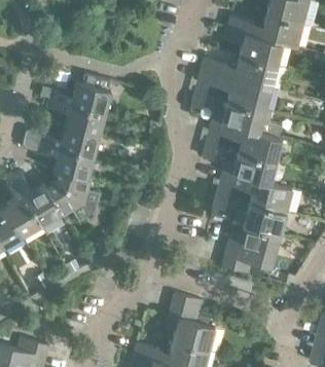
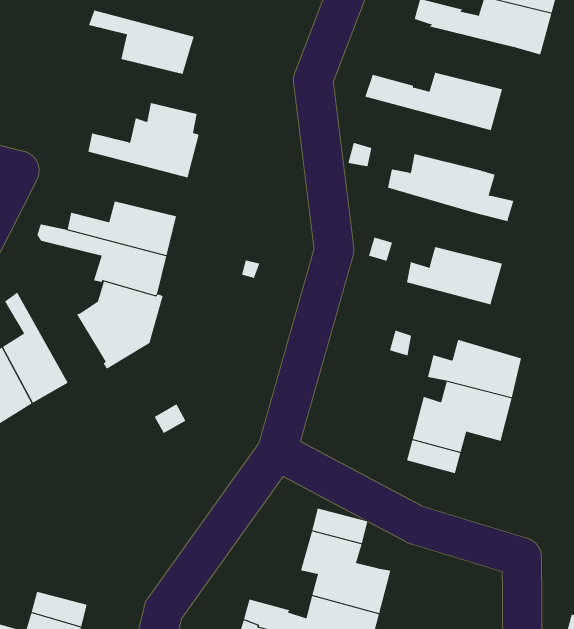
building: [224,29,282,67] -> none
building: [198,71,269,111] -> none
building: [47,101,105,136] -> [88,10,194,74]
building: [210,120,281,161] -> none
building: [220,172,292,213] -> none
building: [12,173,60,226] -> none

